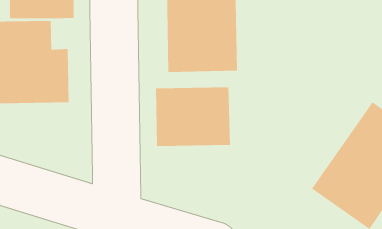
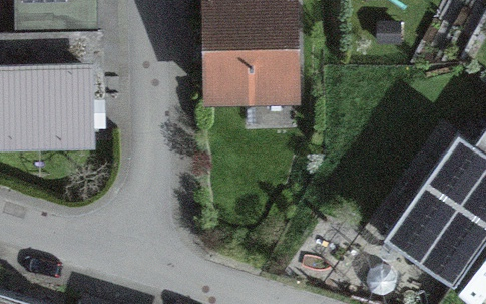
building: [156,86,230,147] -> none

